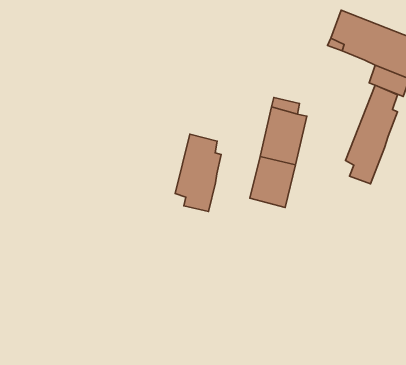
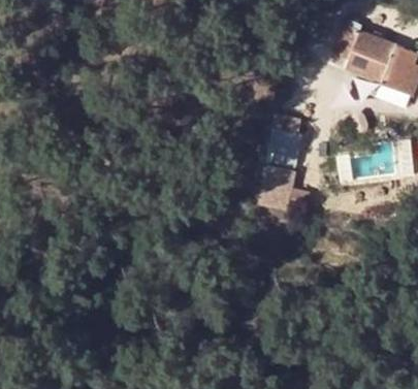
building: [345,85,398,184] -> none
building: [175,134,221,211] -> none

